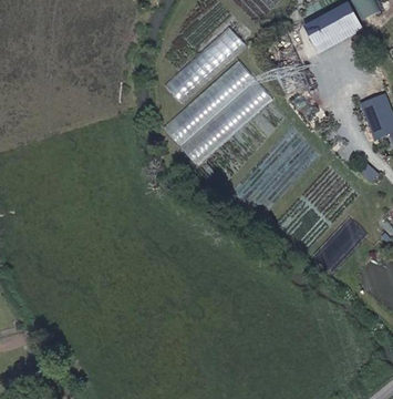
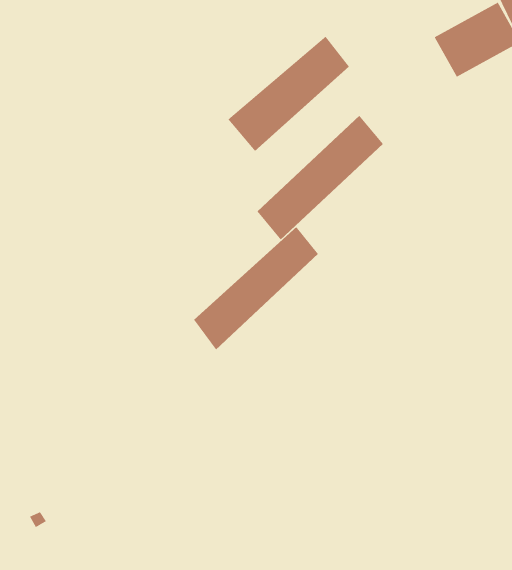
building: [166,61,252,146] -> [193,226,319,351]

